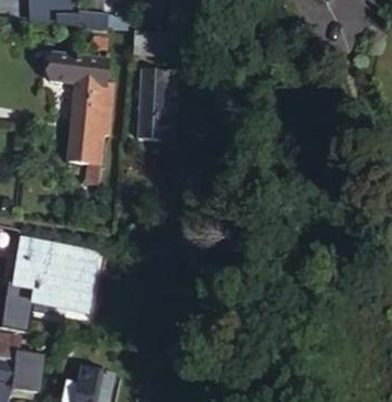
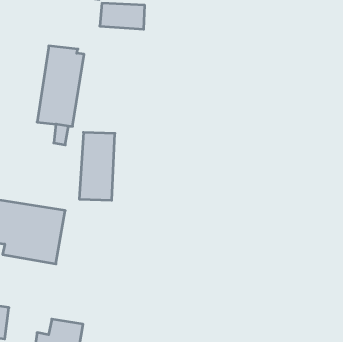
building: [52,37,112,82] -> none
building: [136,69,173,141] -> [79,132,115,200]

